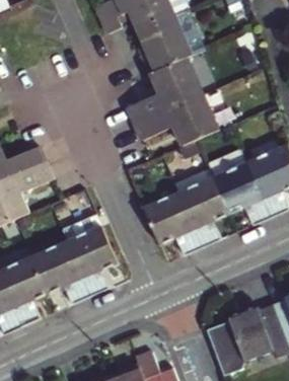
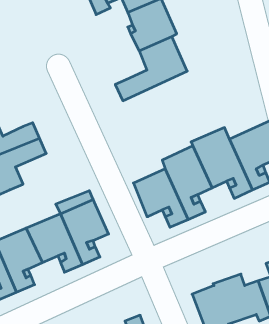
building: [133,91,217,143] -> none

